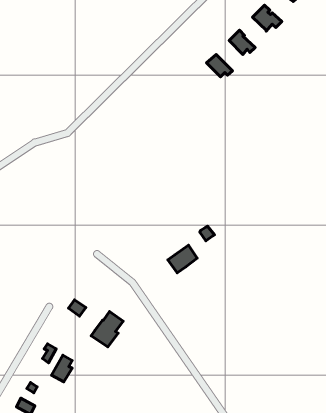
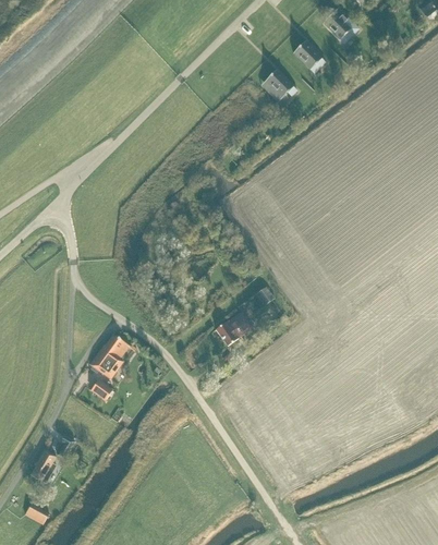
building: [91,312,123,347] -> [88,334,129,378]
building: [52,355,72,382] -> [29,449,56,483]

